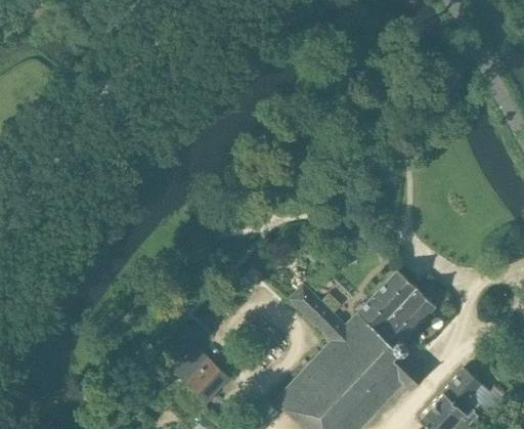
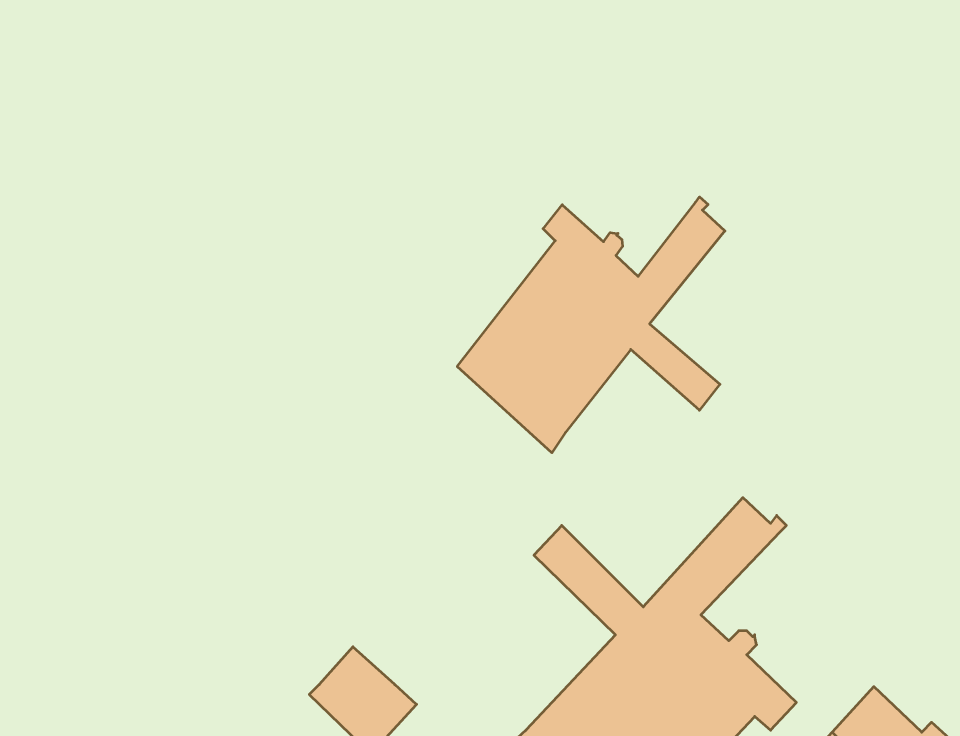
building: none -> [457,197,725,453]
building: [375,289,435,345] -> none

